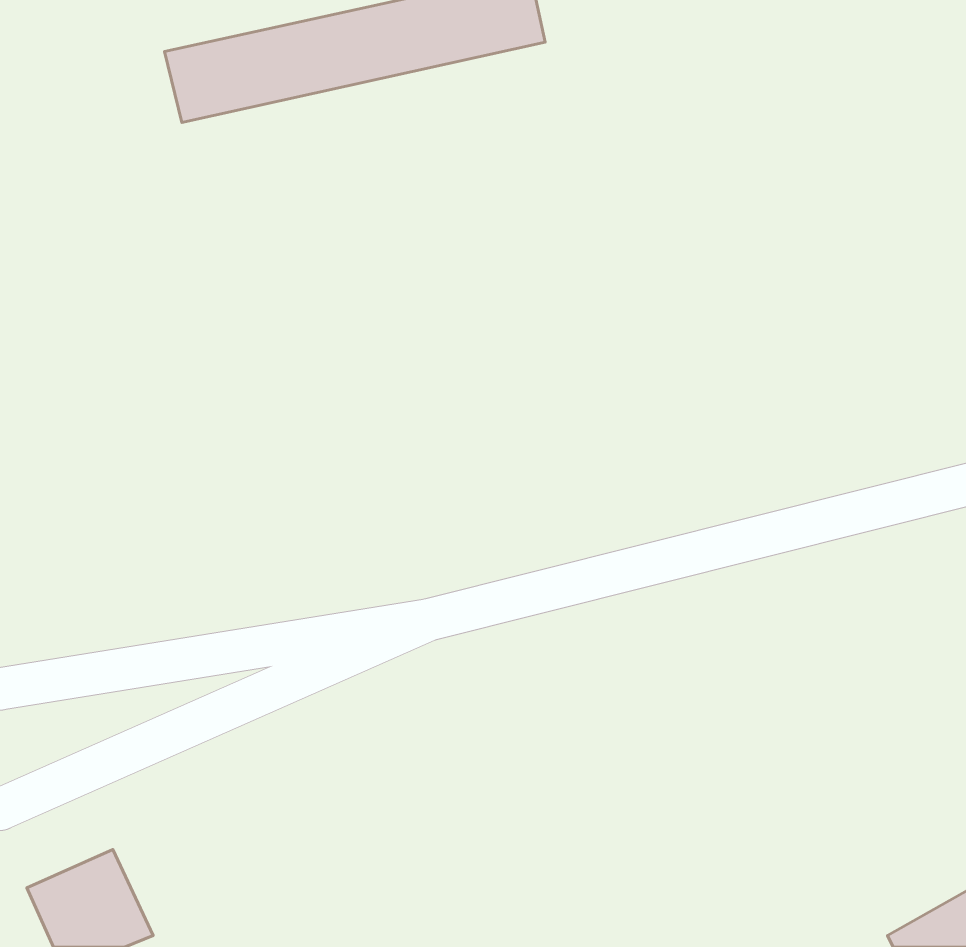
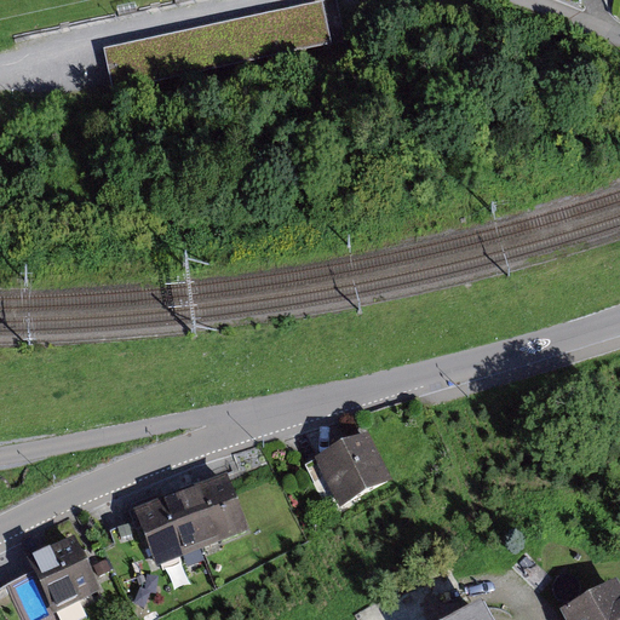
building: none -> [314,430,390,507]
building: none -> [136,478,251,566]

